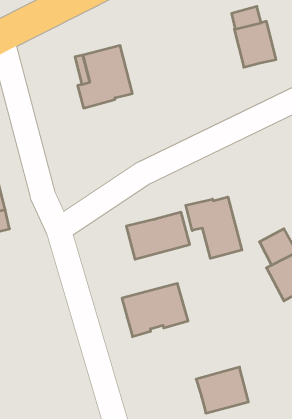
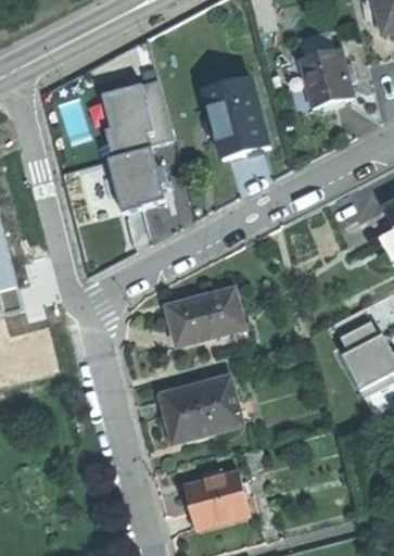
building: none -> [203,76,266,153]
building: none -> [106,144,167,211]
building: [186,197,242,258] -> none
building: [196,367,248,413] -> [182,470,247,528]

